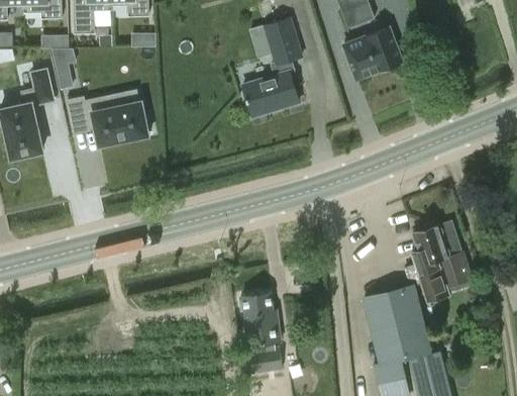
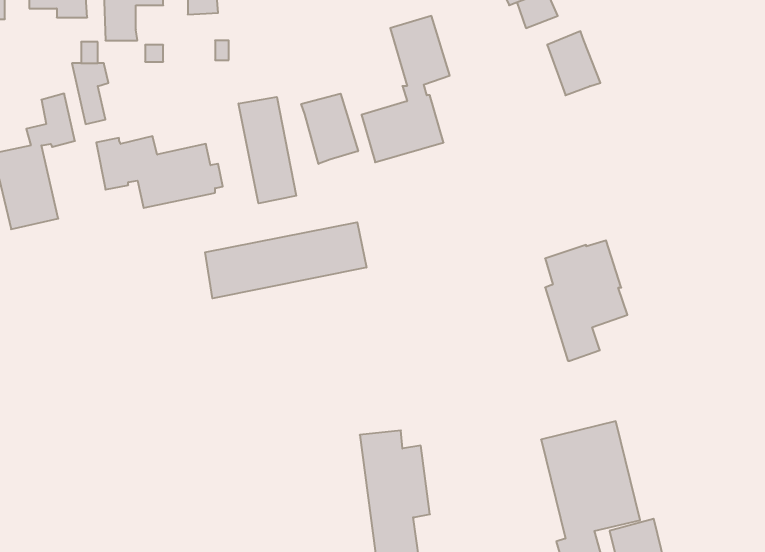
building: [343,36,379,79] -> none
building: none -> [301,94,358,164]
building: none -> [239,97,296,203]
building: none -> [205,222,366,298]
building: [411,220,466,300] -> [545,240,627,361]

